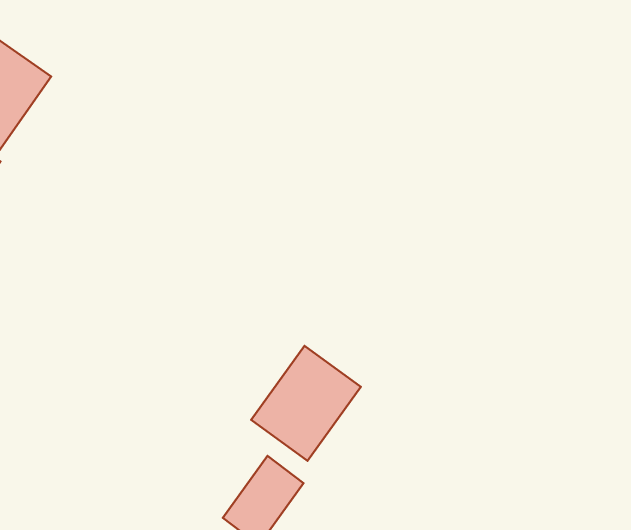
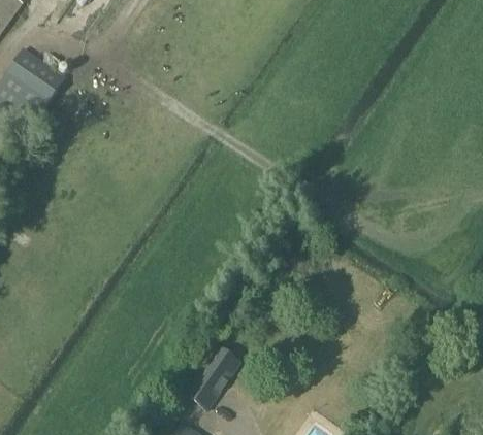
building: [251,346,361,461] -> none

